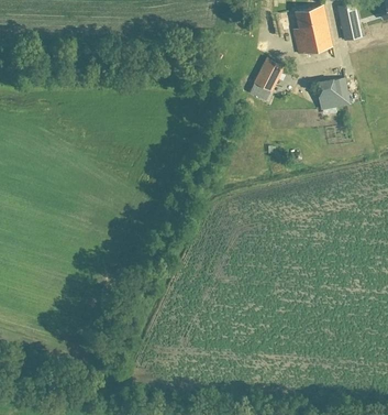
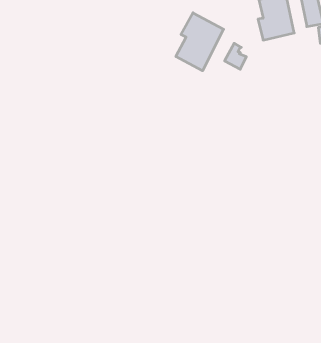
building: none -> [176,13,224,71]
building: [315,77,351,110] -> none

